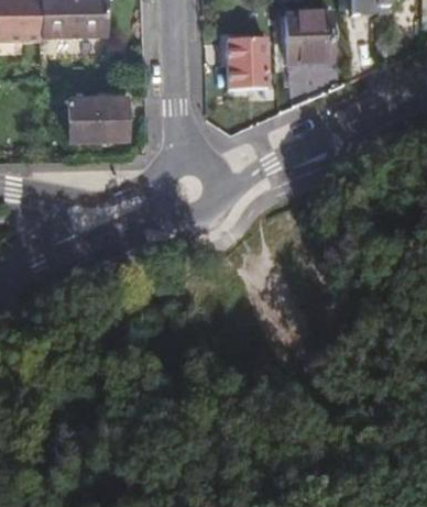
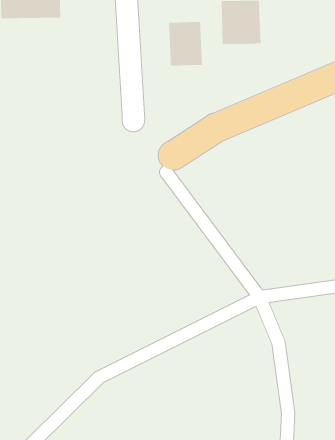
building: [69,93,128,136] -> none

